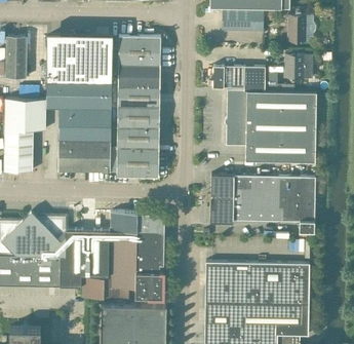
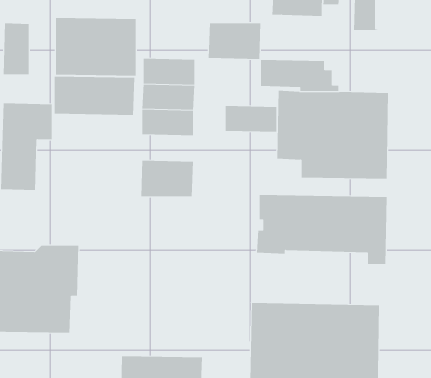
building: [118,36,161,66] -> [208,23,261,60]
building: [284,54,303,80] -> none
building: [57,110,111,173] -> none
building: [117,126,159,148] -> [225,106,277,132]
building: [61,212,164,299] -> none

